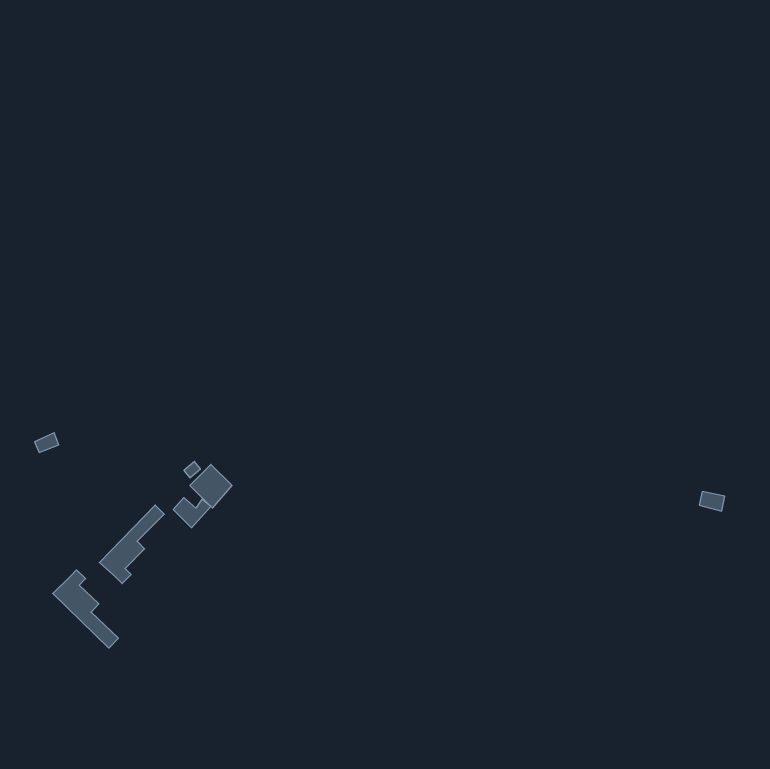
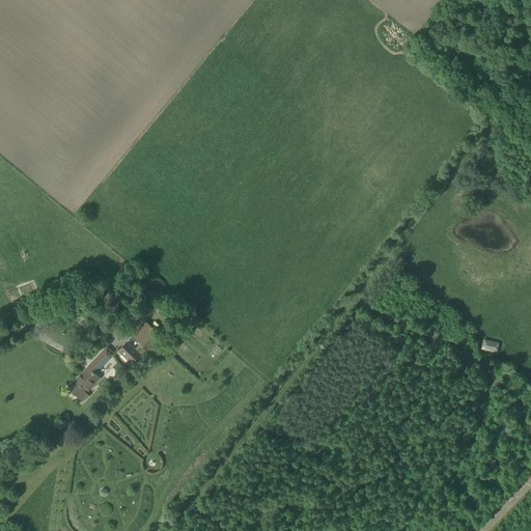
building: [53,570,118,648] -> none

